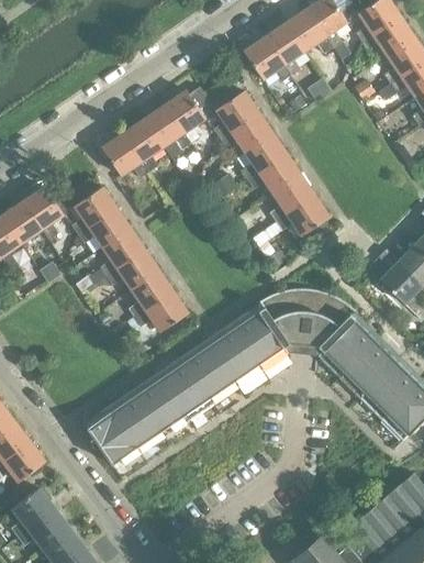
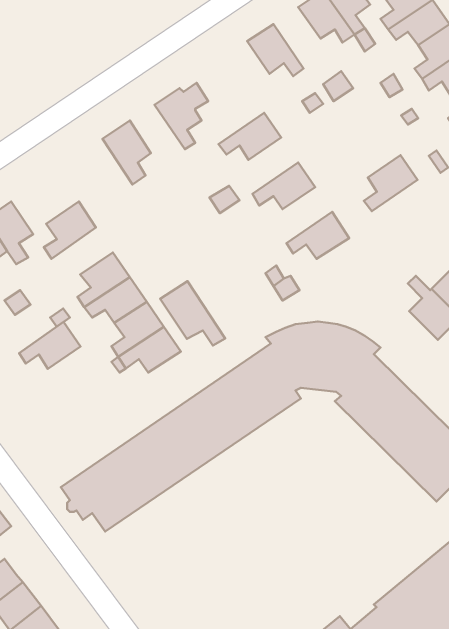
building: [266,23,305,75] -> none
building: [214,90,258,139] -> none
building: [145,106,191,157] -> none
building: [242,133,287,180] -> none
building: [102,134,147,178] -> none
building: [270,175,315,222] -> [364,155,417,211]
building: [79,209,131,249] -> [19,322,81,369]
building: none -> [160,281,225,346]

